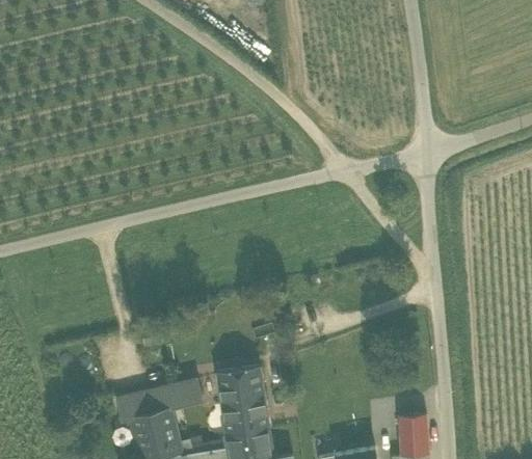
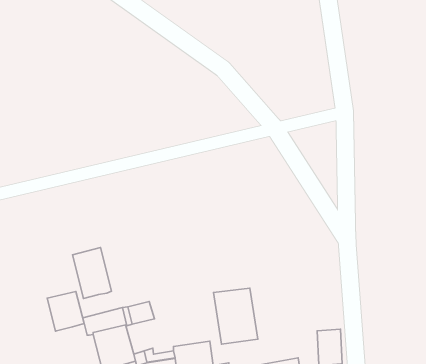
building: none -> [72,248,112,298]
building: [216,367,269,434] -> [214,288,258,344]
building: none -> [47,291,84,331]

